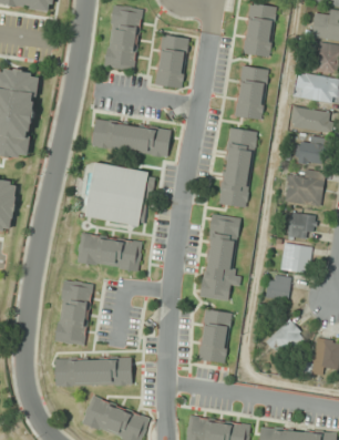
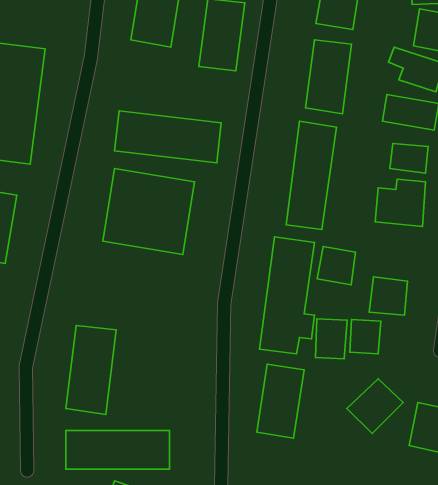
building: [287,212,316,241] -> [317,246,356,285]
building: [75,233,142,272] -> none
building: none -> [315,319,347,359]

